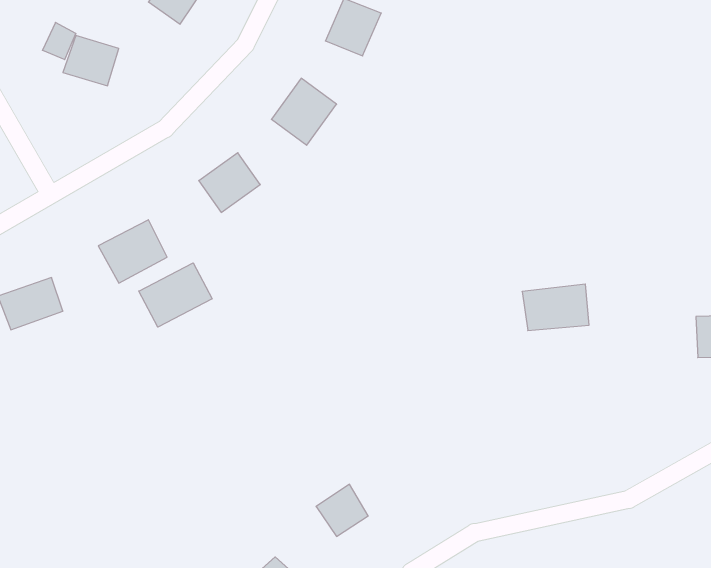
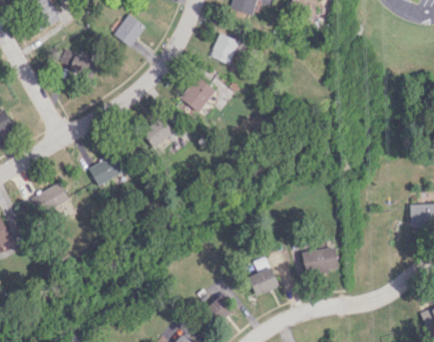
building: [139,263,212,327] -> none
building: [522,284,589,331] -> [302,248,338,273]
building: none -> [249,268,279,296]

